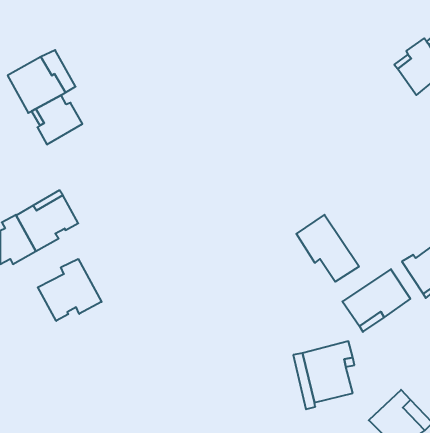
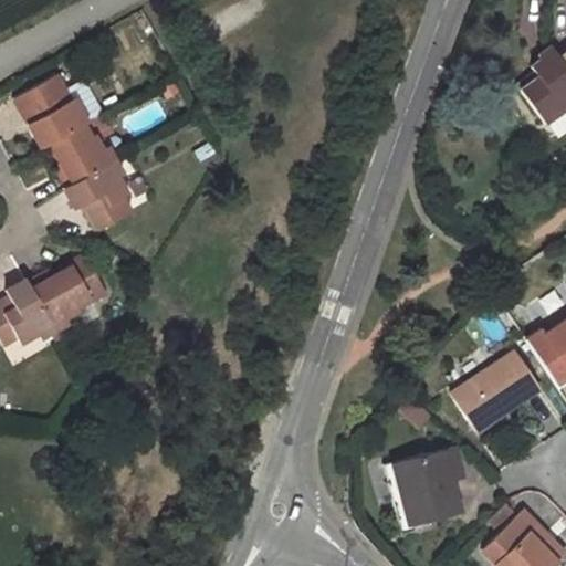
building: none -> [64,163,133,229]
building: [296,215,359,282] -> none
building: [38,259,102,321] -> none

